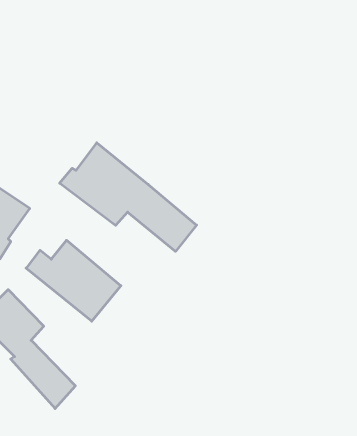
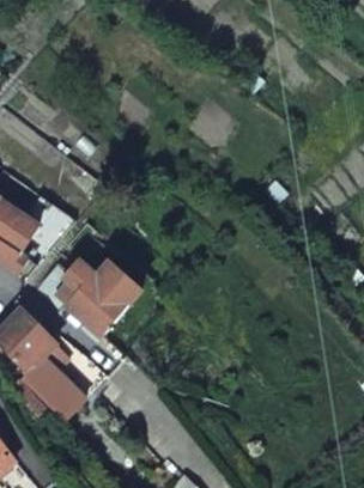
building: [60,143,197,251] -> none

